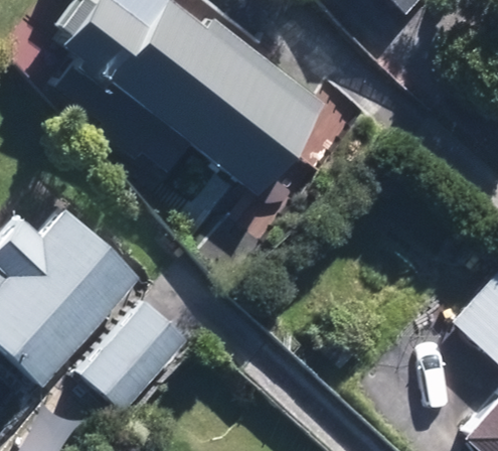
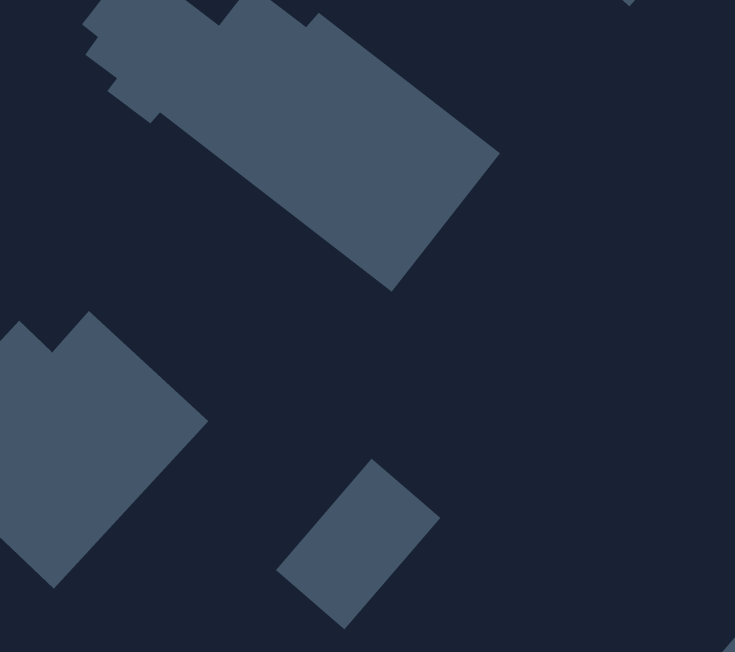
building: [81,299,187,409] -> [275,457,441,630]

